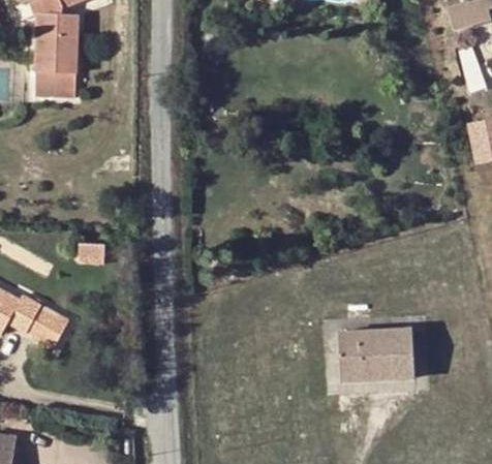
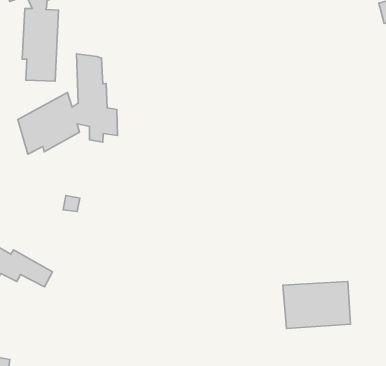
building: none -> [18,54,117,154]

